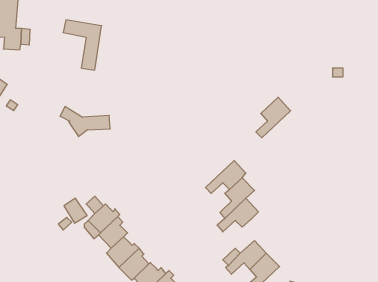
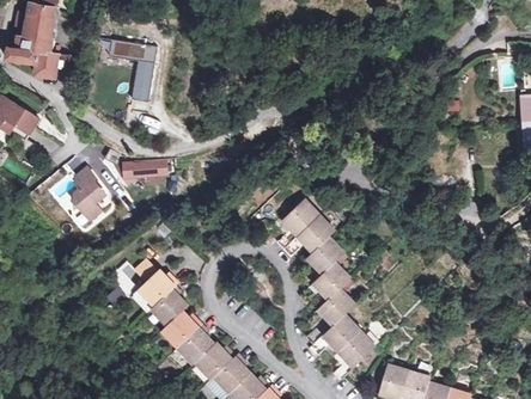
building: [256,97,291,138] -> [277,198,321,248]
building: none -> [74,170,105,220]
building: none -> [319,288,356,324]

